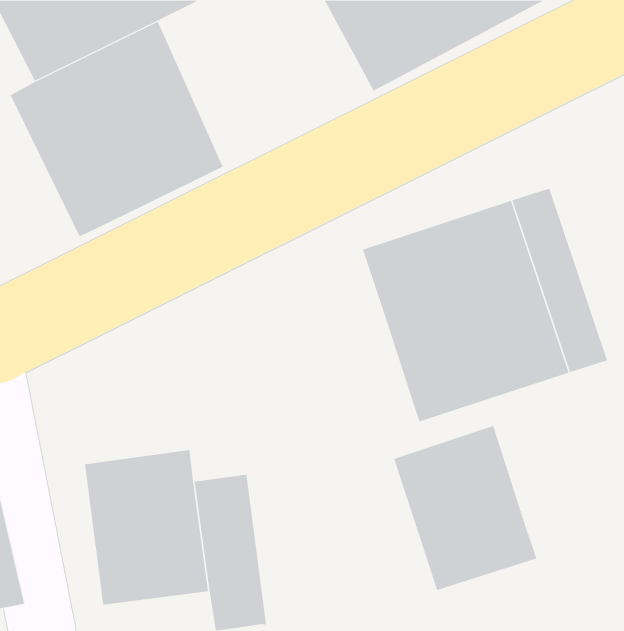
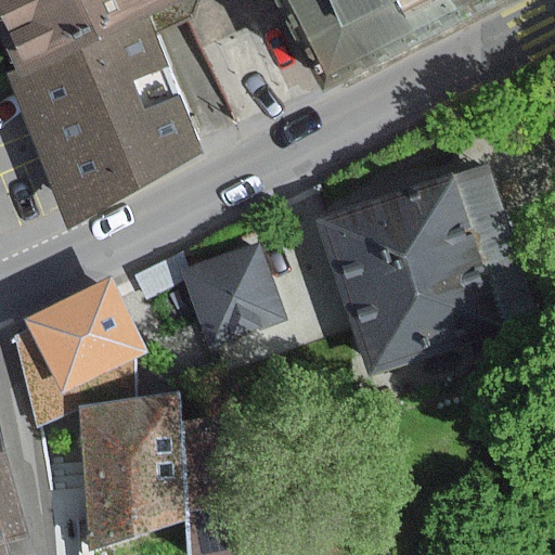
building: none -> [177,238,284,344]
building: none -> [28,281,141,387]
building: [394,425,537,591] -> none

